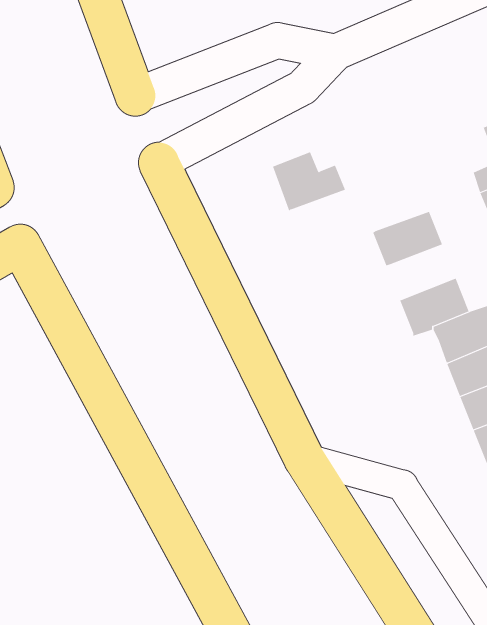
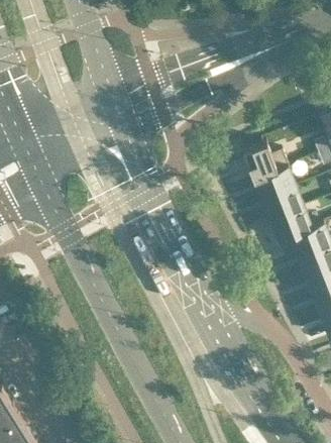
building: [272,151,346,212] -> [245,144,290,181]
building: none -> [263,188,306,221]

